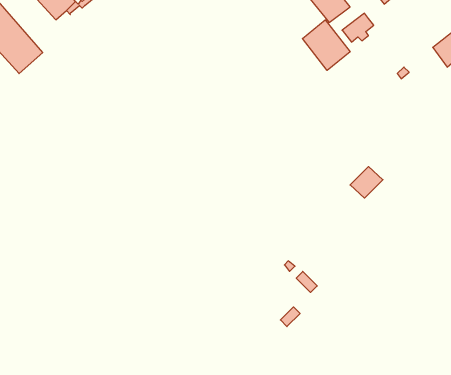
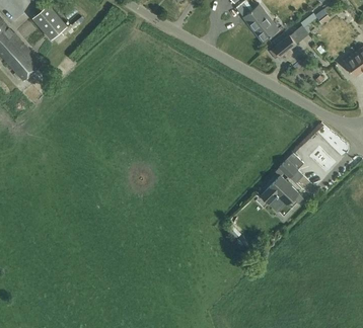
building: [302,20,350,70] -> none
building: none -> [260,175,297,212]

